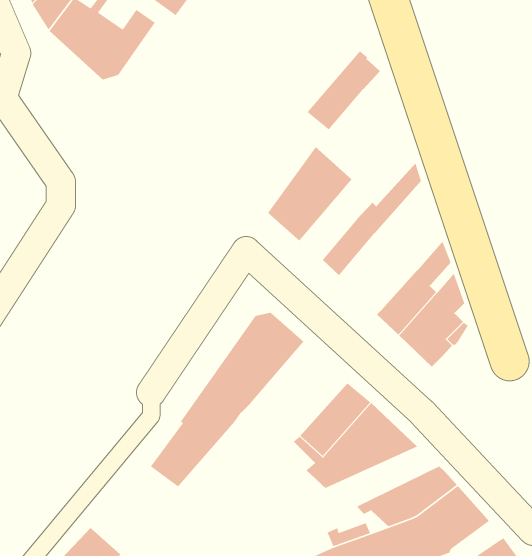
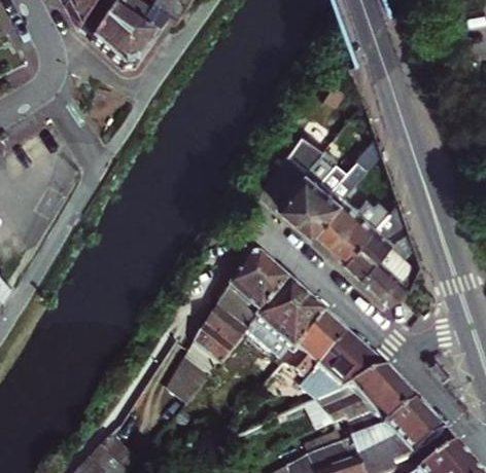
building: [307,50,381,131] -> [283,150,345,217]
building: none -> [316,190,403,258]
building: none -> [243,285,323,368]
building: none -> [319,372,400,422]

